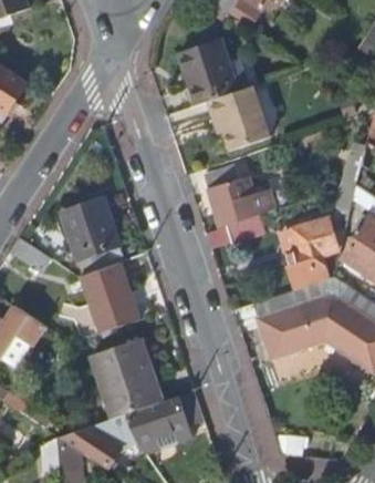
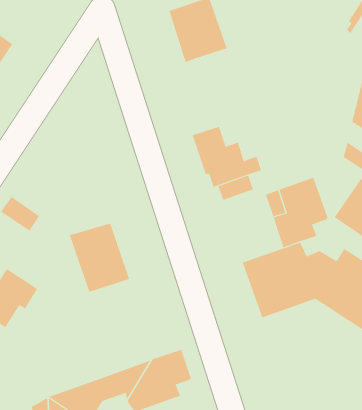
building: [207,84,269,148] -> none
building: [63,196,126,275] -> none
building: [91,338,157,419] -> none

